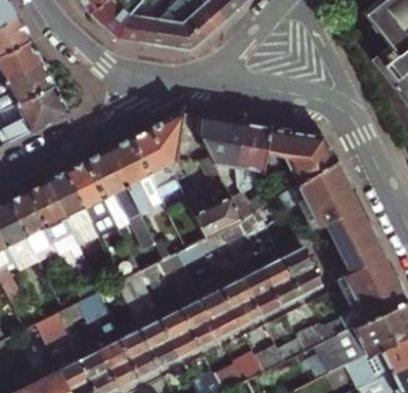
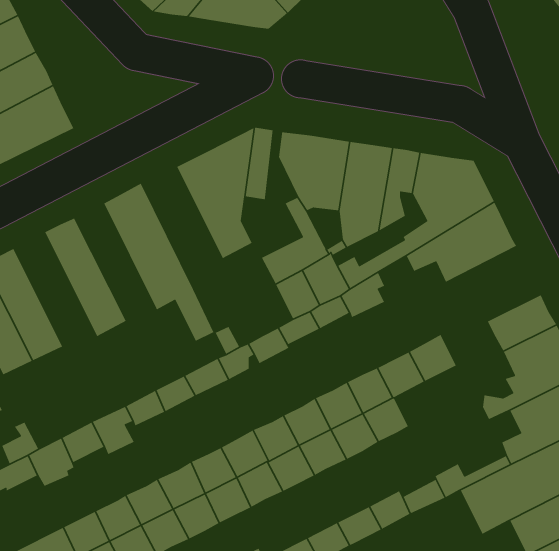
building: [109,138,166,217] -> none
building: [66,162,119,237] -> none
building: [28,180,84,258] -> none
building: [305,189,366,237] -> none
building: [272,266,322,305] -> none

